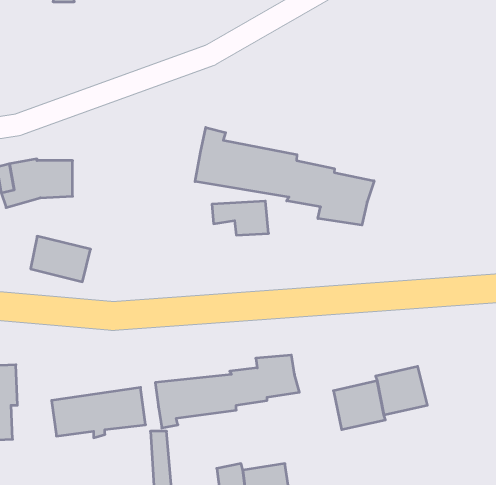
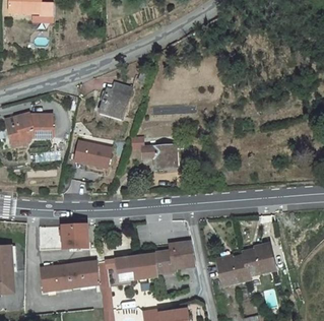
building: none -> [98,79,129,114]
building: [195,127,374,225] -> none
building: [31,236,91,282] -> [73,136,111,165]
building: none -> [61,226,86,251]

